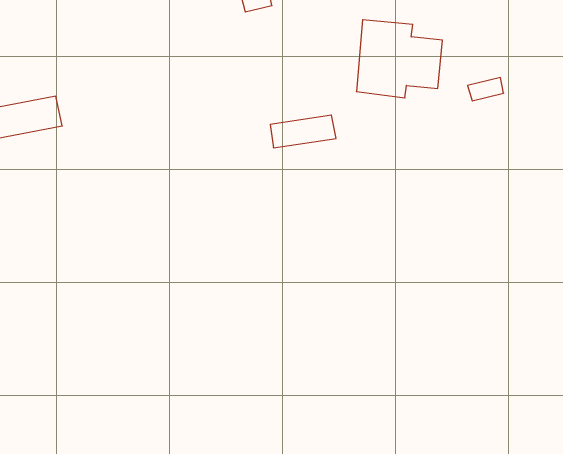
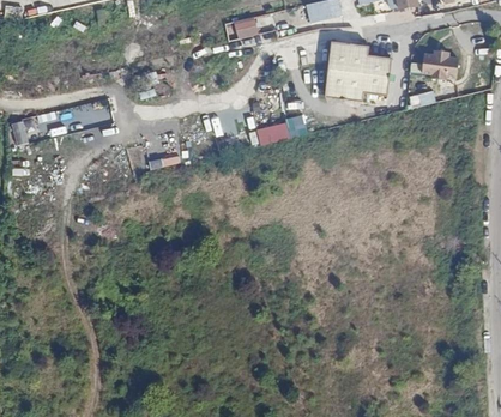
building: none -> [419,52,454,80]

